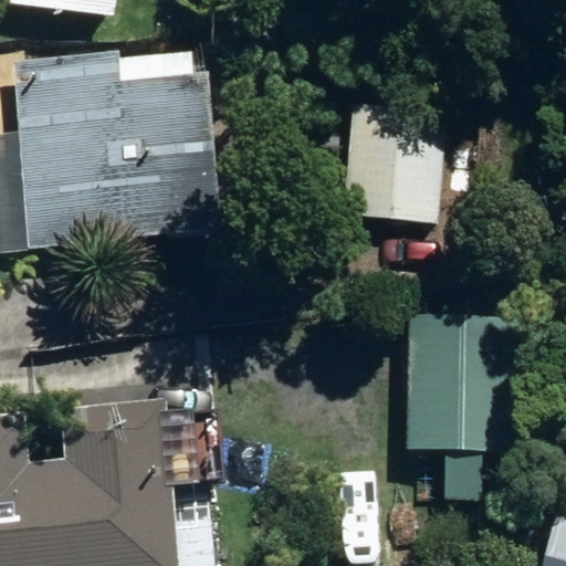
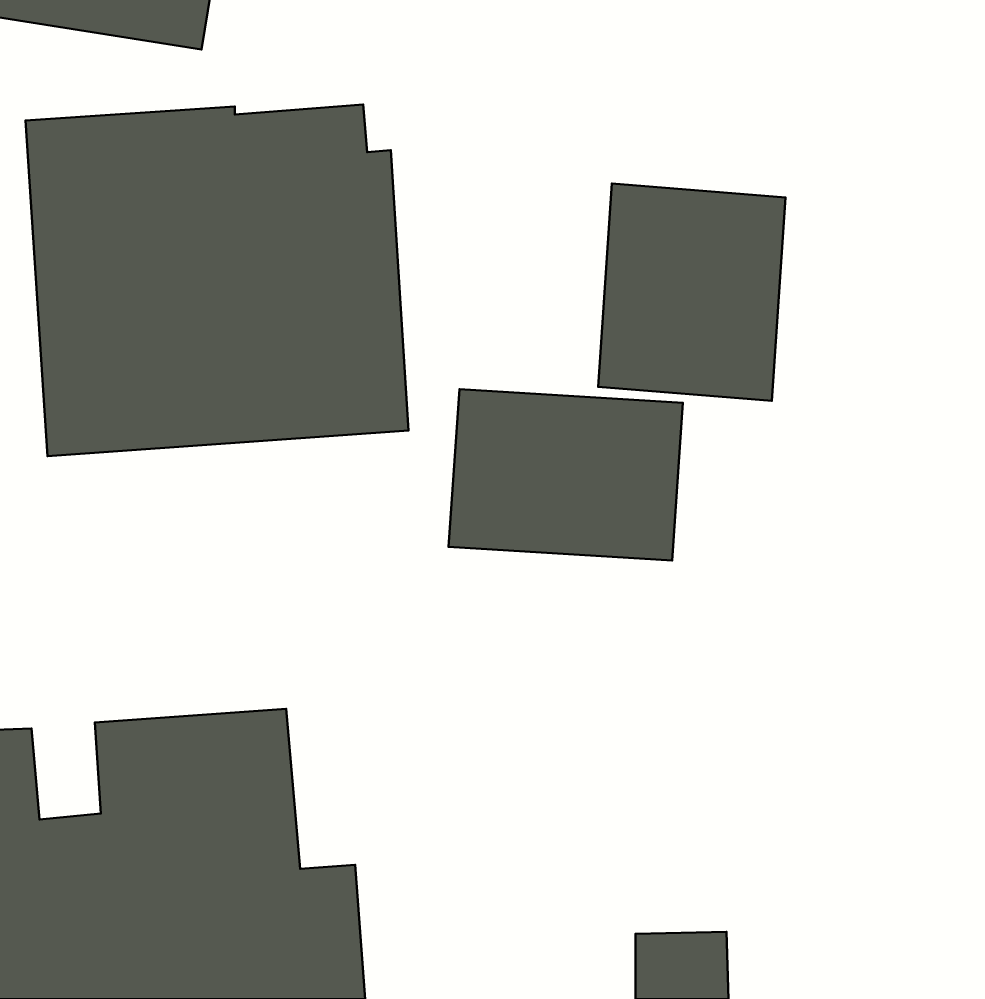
building: none -> [449,389,683,560]
building: [398,314,509,499] -> none

